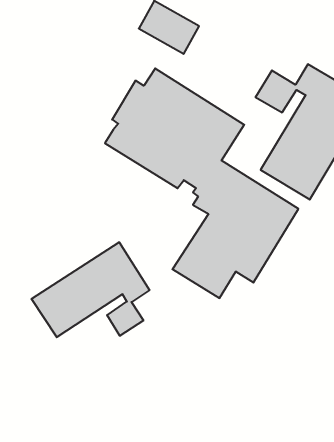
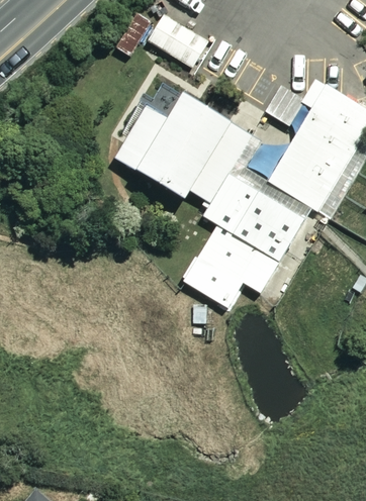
building: [32,242,149,337] -> none

